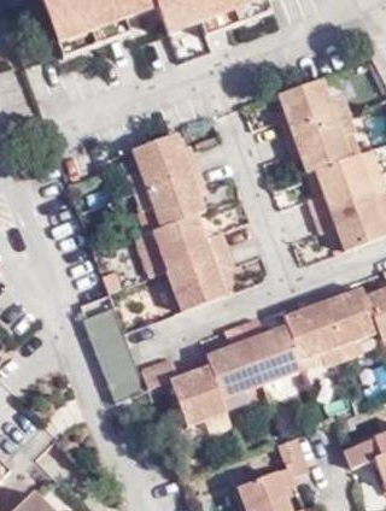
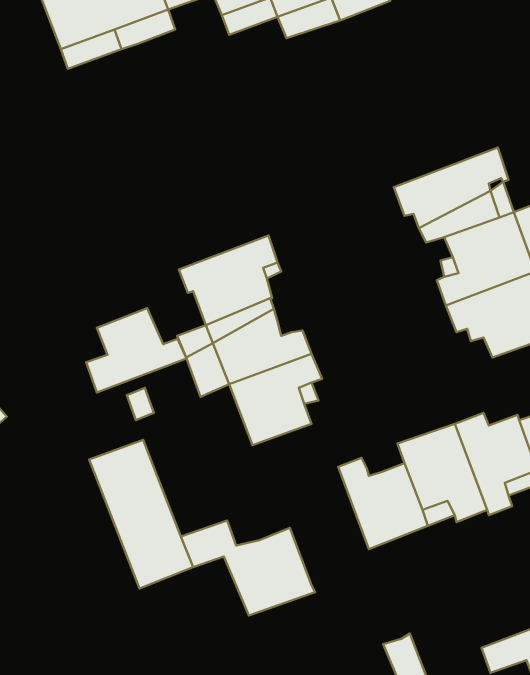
building: [273,76,352,136] -> none
building: [130,135,198,192] -> [86,308,186,393]
building: [209,324,265,404] -> none

